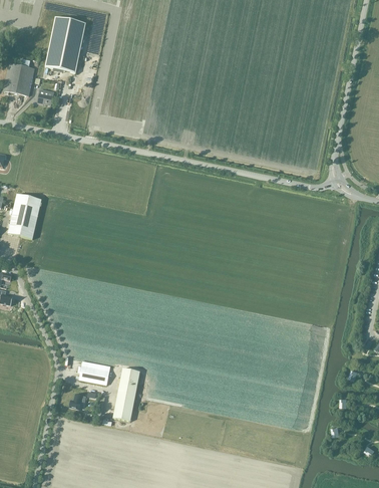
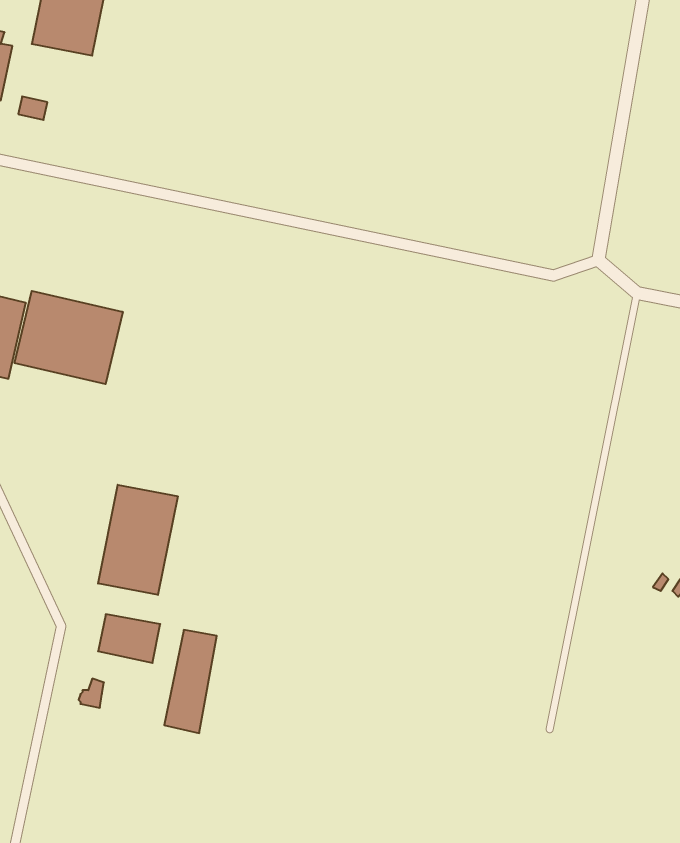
building: none -> [15,291,123,384]
building: none -> [98,485,178,595]

